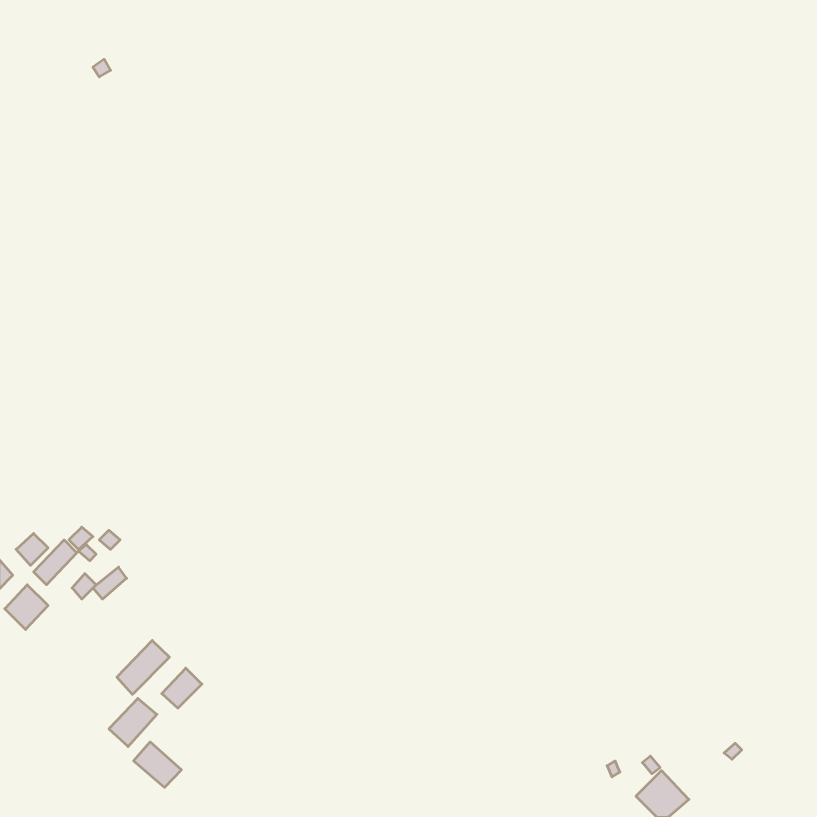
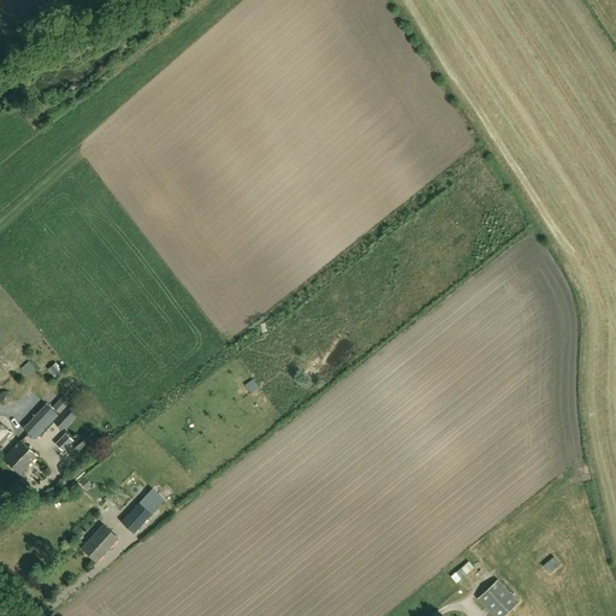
building: [117,640,169,694] -> none
building: [134,742,181,787] -> none

